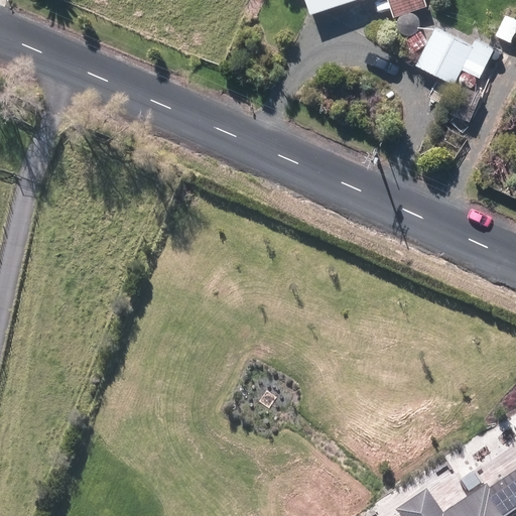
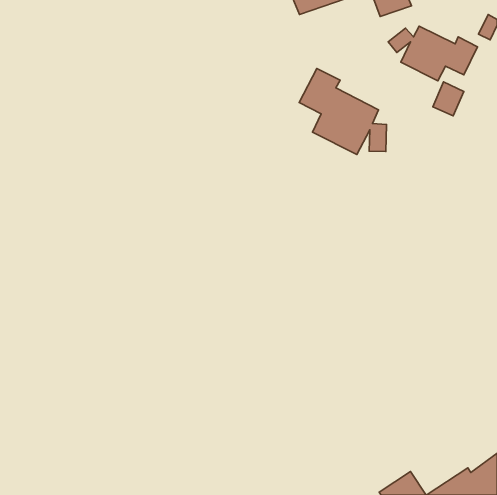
building: none -> [299,68,386,154]

